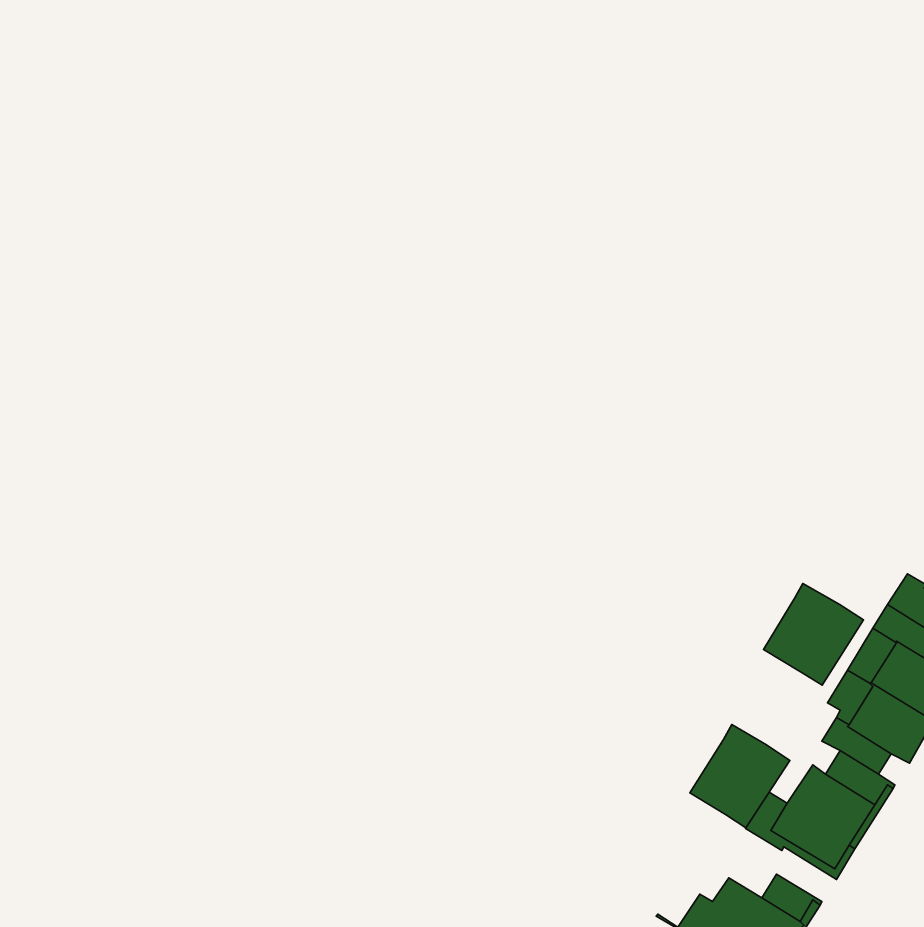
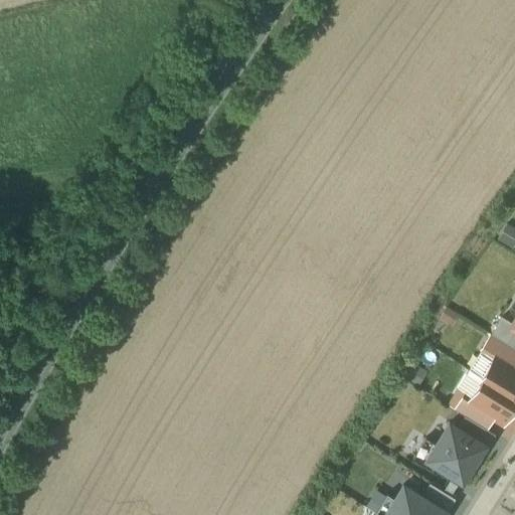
building: [763,583,864,685] -> none
building: [690,725,790,828] -> none

